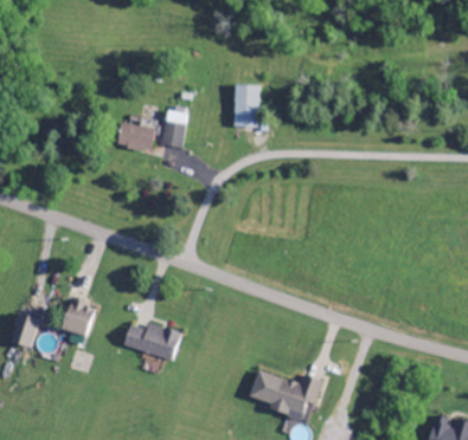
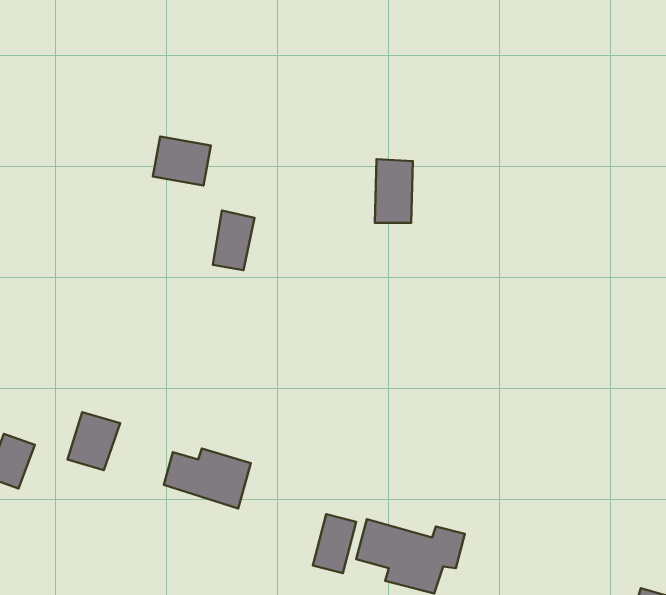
building: [235,85,259,127] -> [375,159,413,223]
building: [161,109,188,148] -> [213,210,254,270]
building: none -> [313,514,356,573]

